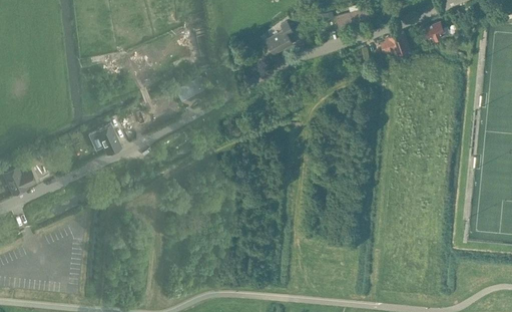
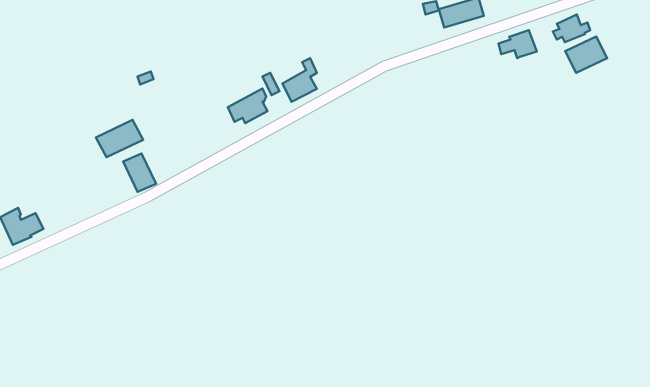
building: [265,21,291,54] -> [282,58,317,102]
building: none -> [565,37,607,73]
building: none -> [96,120,143,157]

